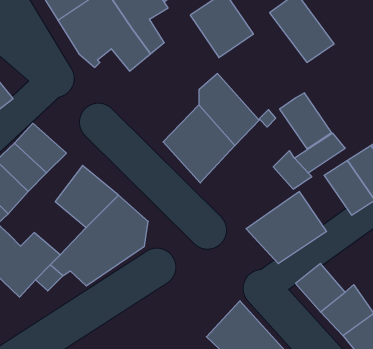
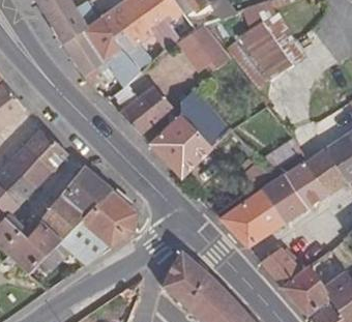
building: none -> [119,85,174,137]
building: [280,93,332,149] -> [264,173,307,219]
building: none -> [41,195,86,239]
building: none -> [163,250,214,308]

